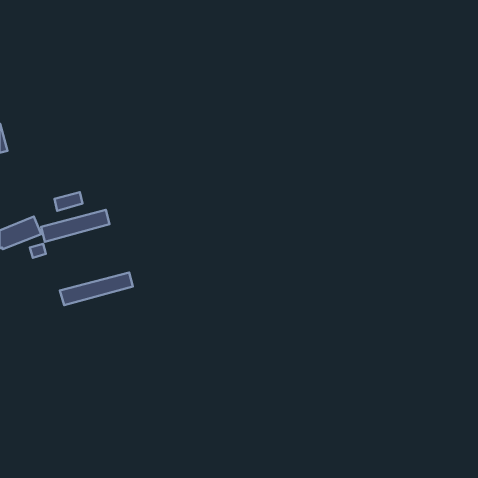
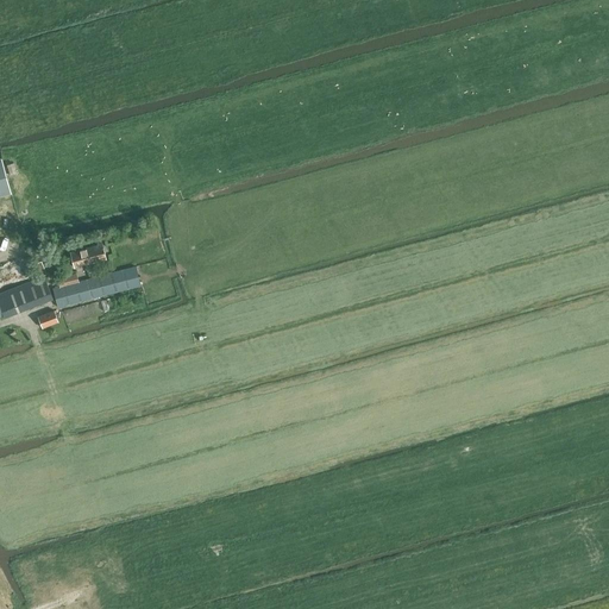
building: [60,273,133,305] -> none

